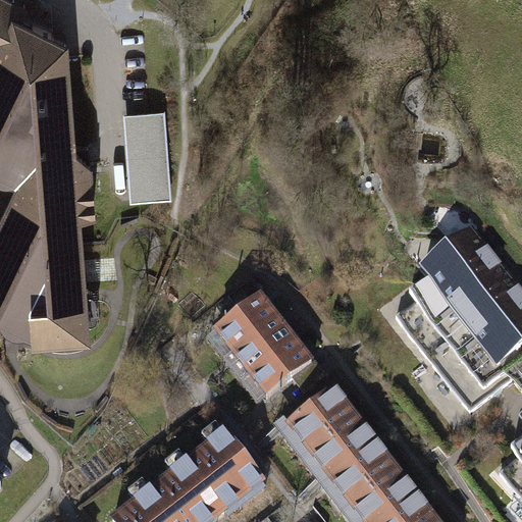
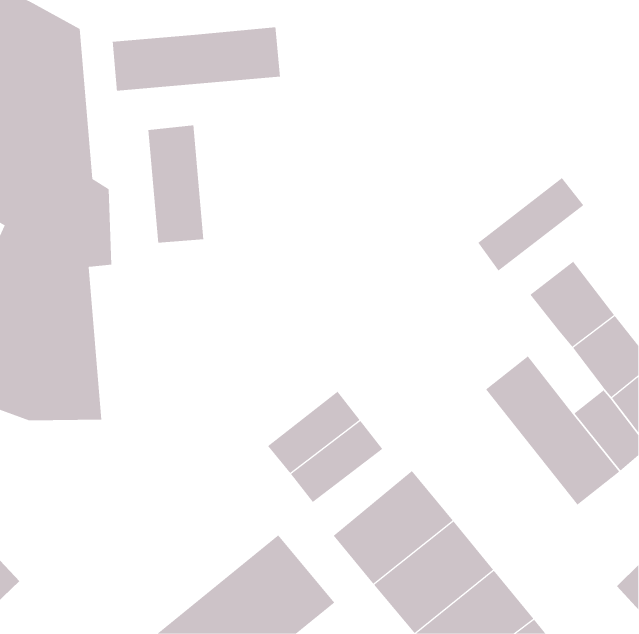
building: none -> [112,27,280,92]
building: none -> [477,177,584,271]
building: [427,268,488,334] -> none
building: [199,294,273,361] -> none

